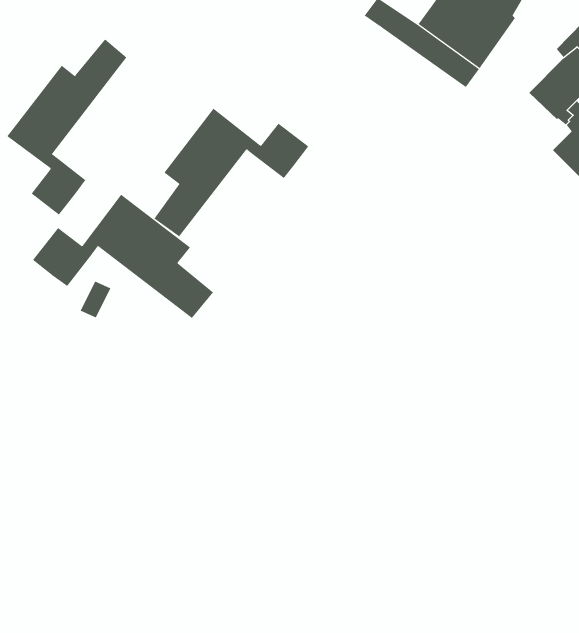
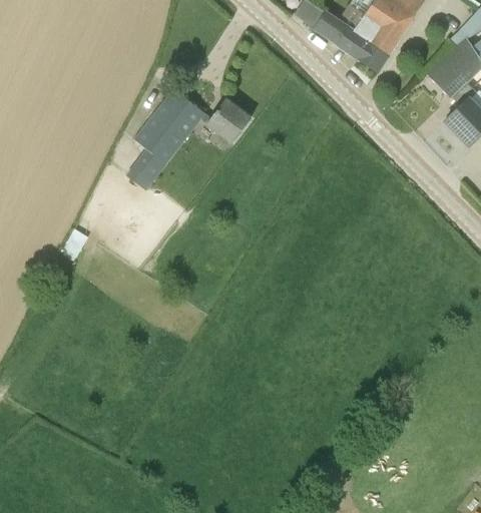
building: [7,38,127,216] -> none
building: [32,194,214,319] -> none

